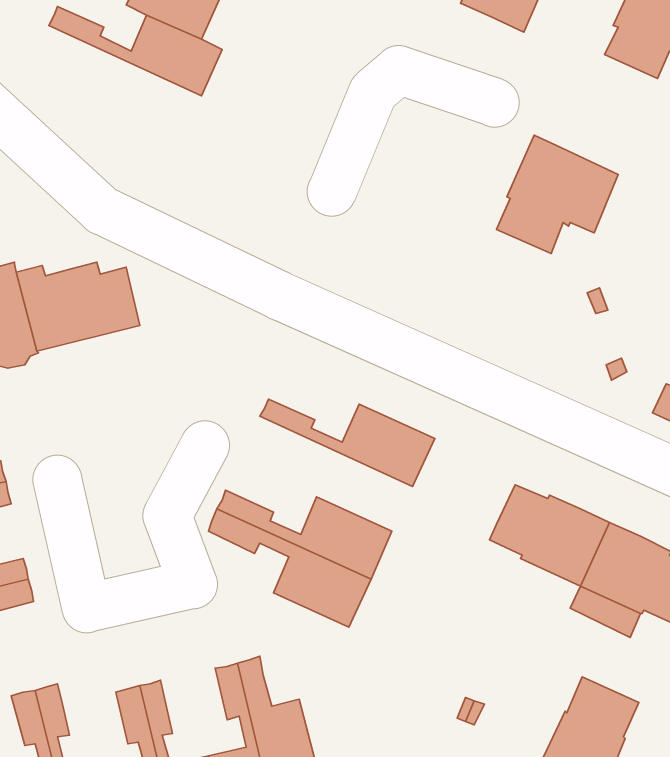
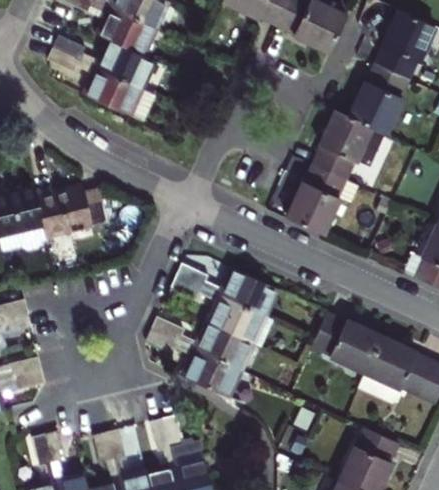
building: none -> [49,46,157,121]
building: none -> [350,63,409,133]
building: none -> [288,165,358,234]
building: none -> [171,274,275,345]

